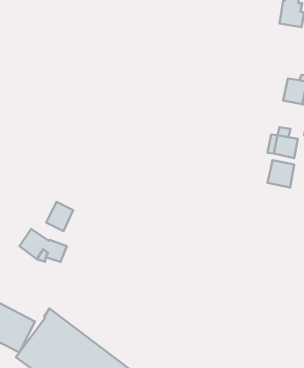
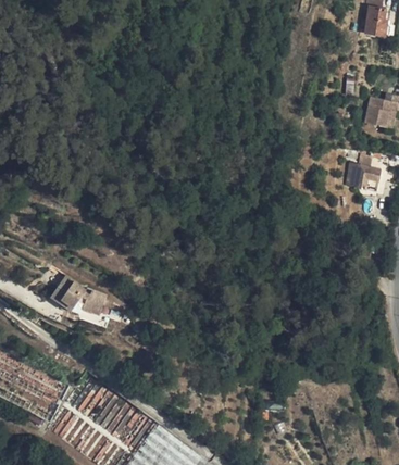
building: [268,160,294,188] -> none
building: [46,202,73,231] -> none

